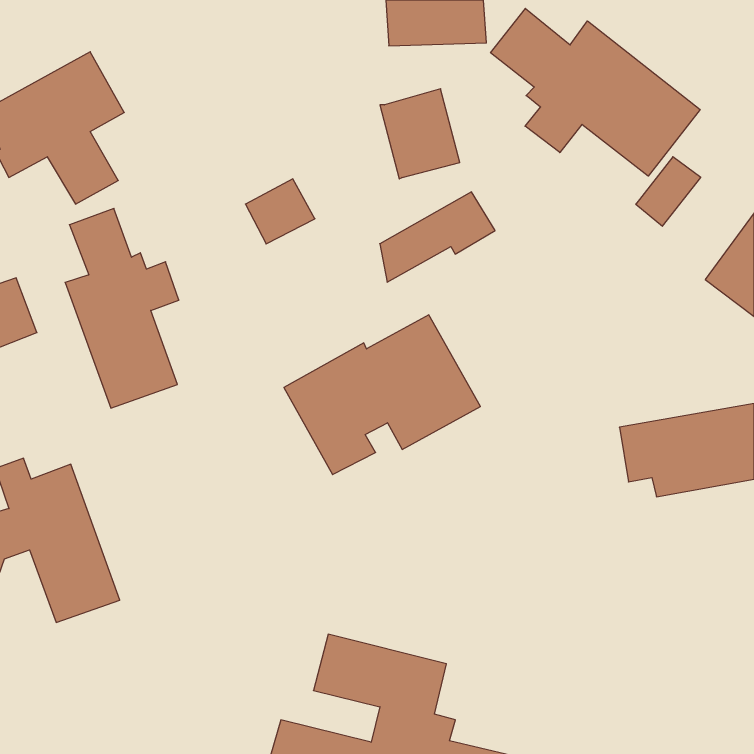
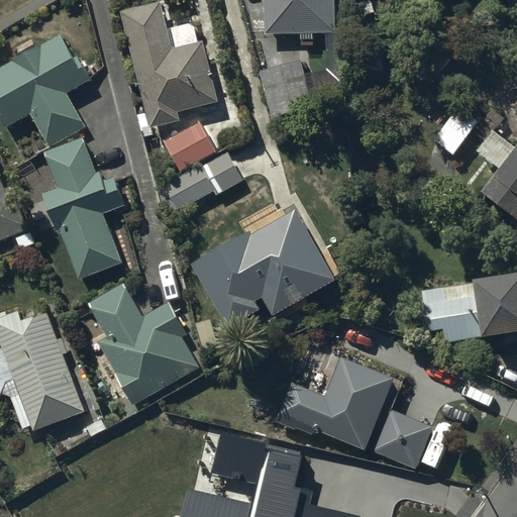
building: none -> [126,5,215,126]
building: [491,8,700,176] -> none
building: [380,192,495,282] -> [166,153,244,215]
building: none -> [93,288,195,398]
building: none -> [282,360,392,446]
building: none -> [377,413,429,466]

